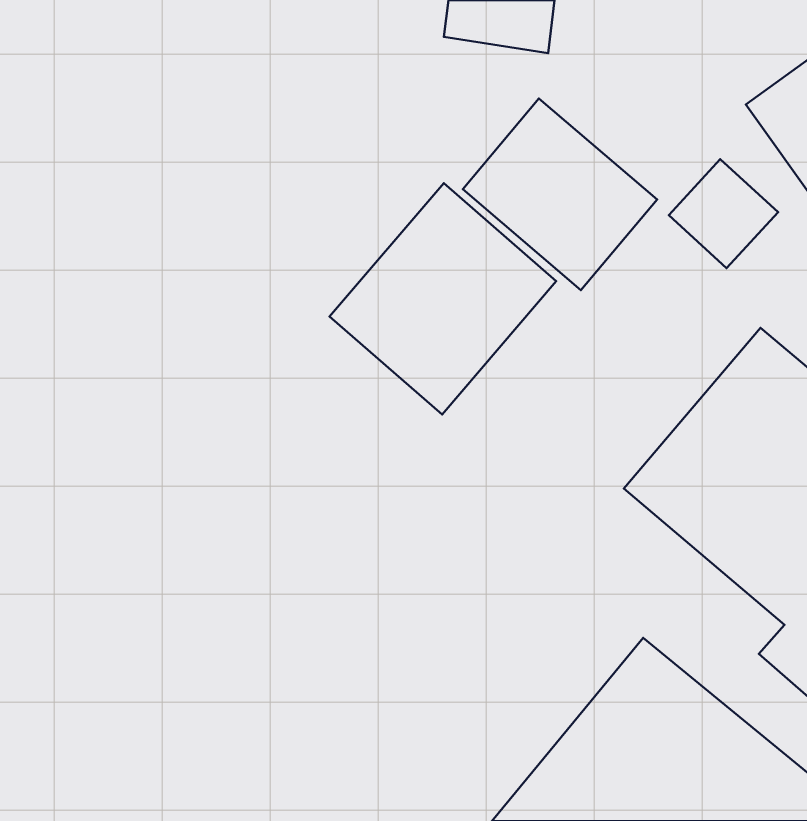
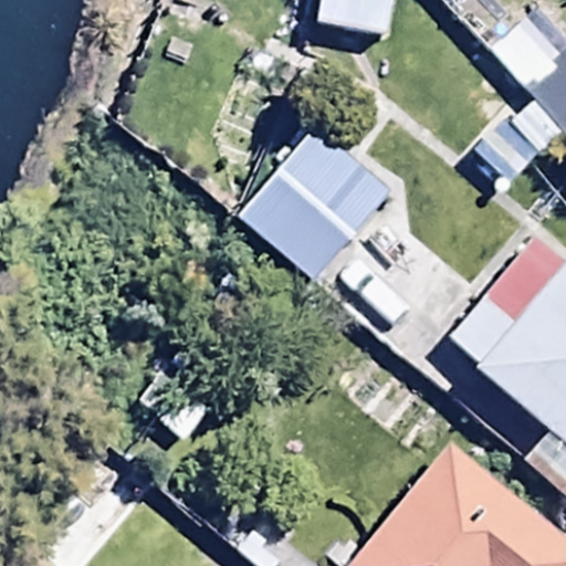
building: [463,98,657,290] -> none

